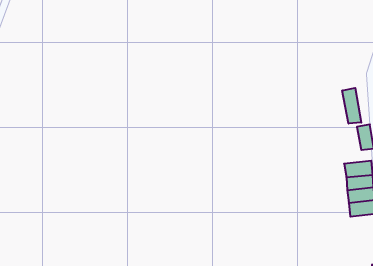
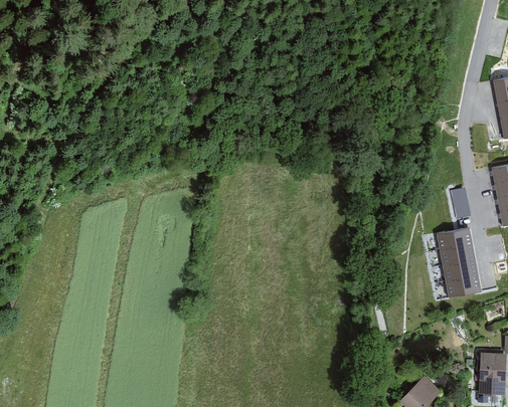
building: [342,88,361,124] -> none

